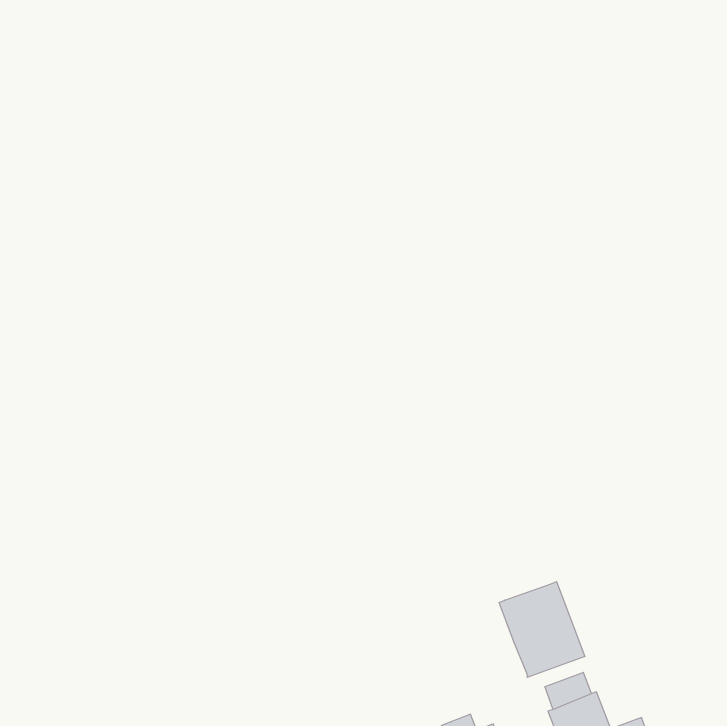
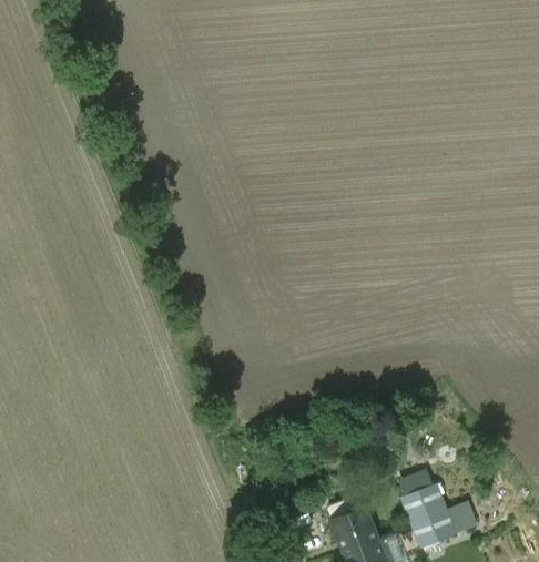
building: [499,582,585,677] -> none

